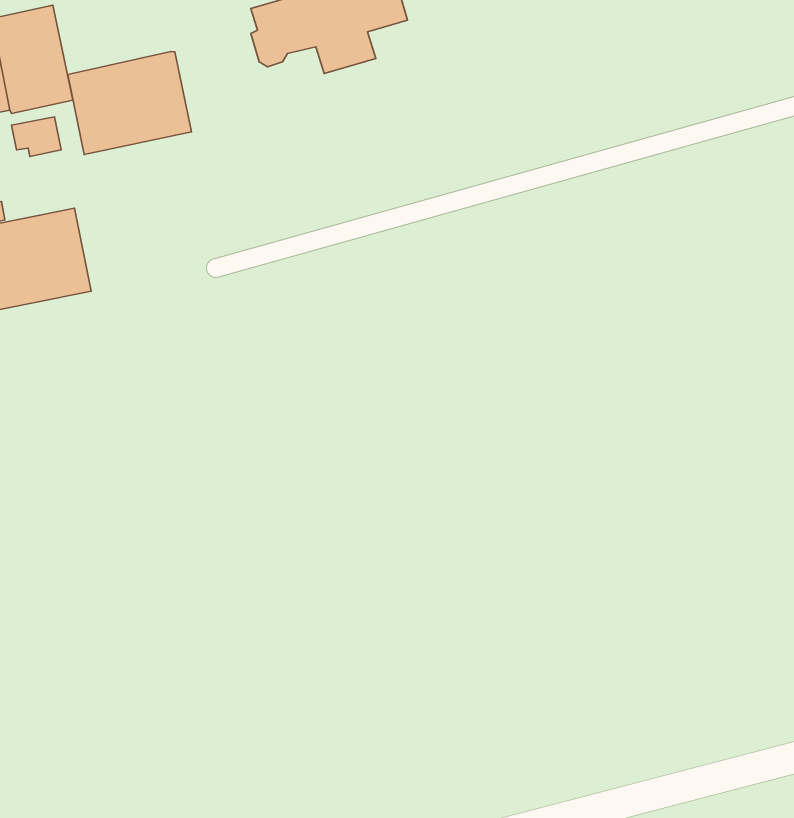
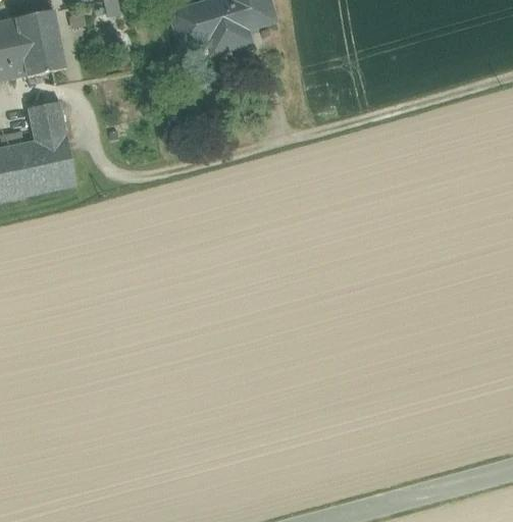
building: [68,52,191,154] -> none
building: none -> [28,101,65,140]

